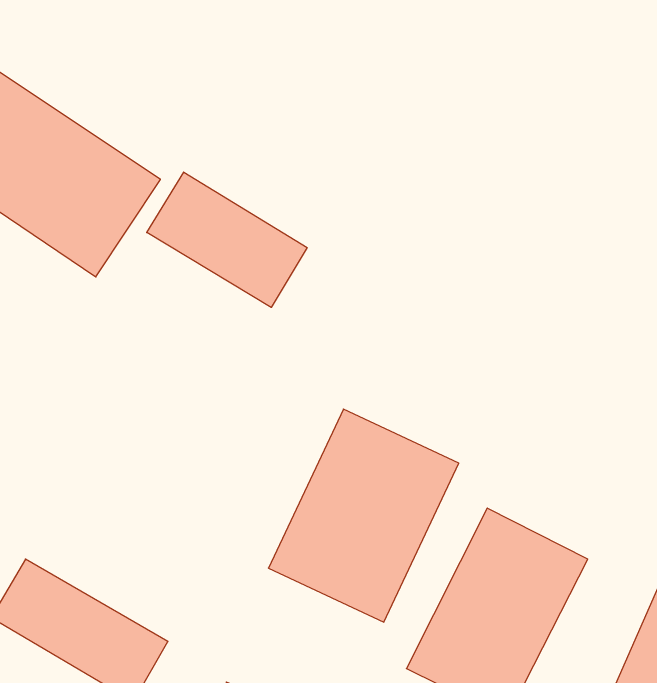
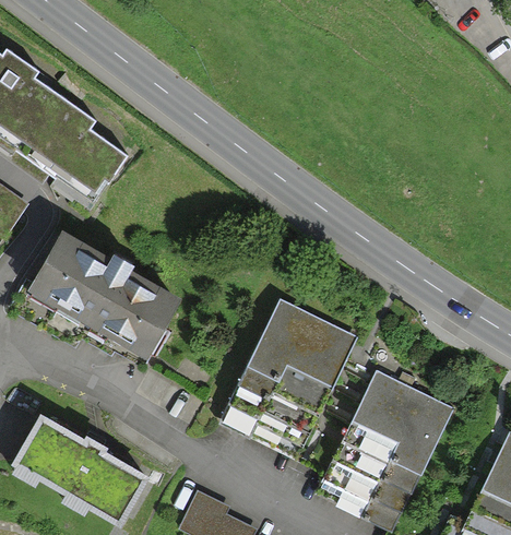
building: [147,172,307,307] -> none
building: none -> [34,230,177,350]

